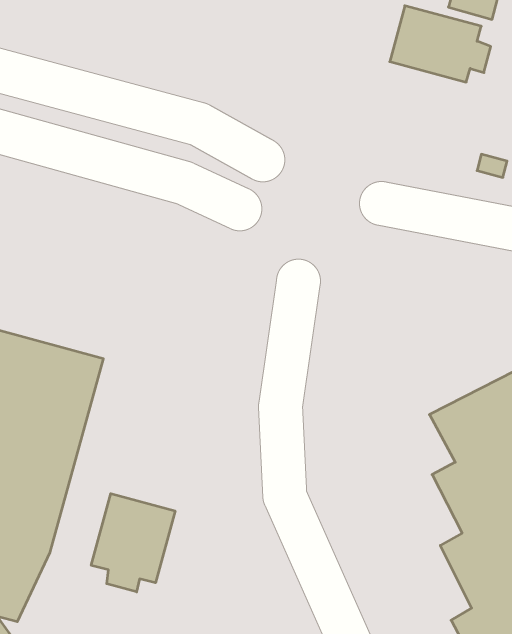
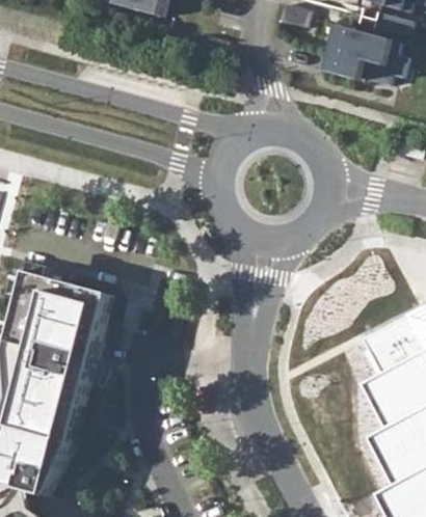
building: [91,494,175,592] -> none

